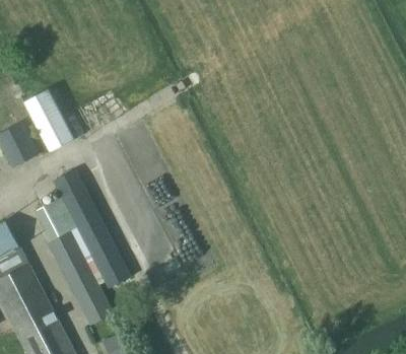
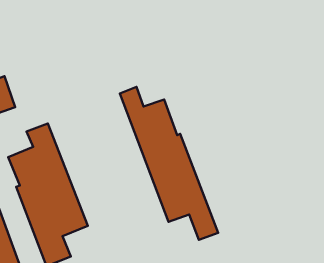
building: [24,89,74,152] -> none
building: none -> [120,87,218,240]

